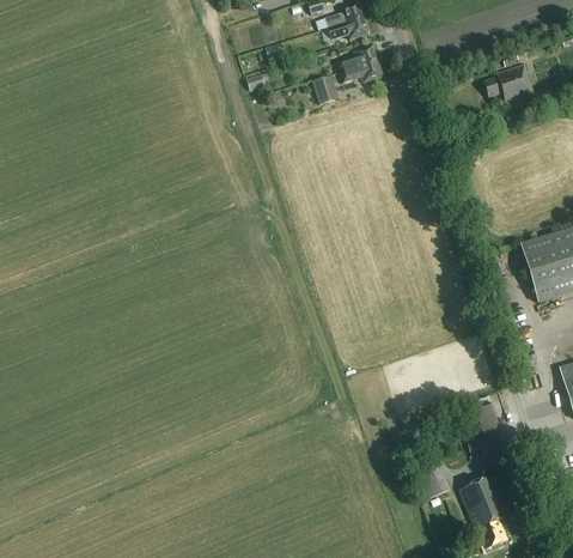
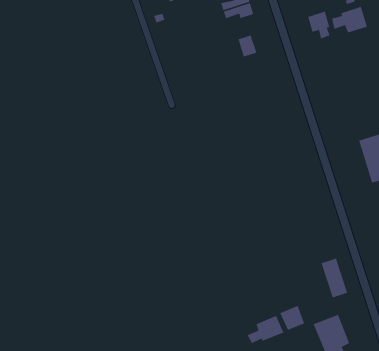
building: none -> [307,11,330,39]
building: [312,73,339,104] -> [238,34,257,58]
building: none -> [247,315,284,344]

